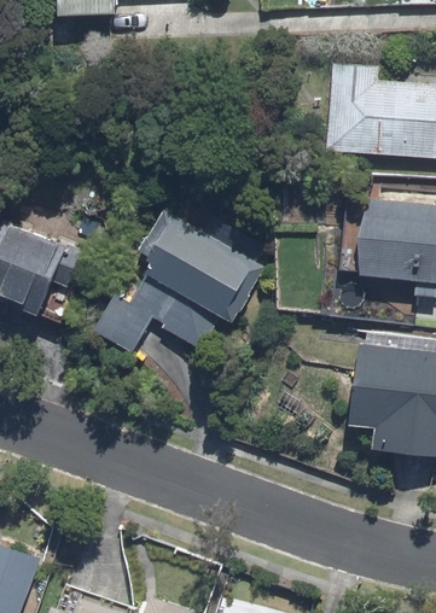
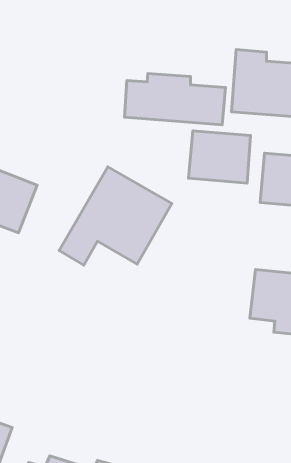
building: none -> [125,74,225,125]
building: none -> [188,131,251,183]

